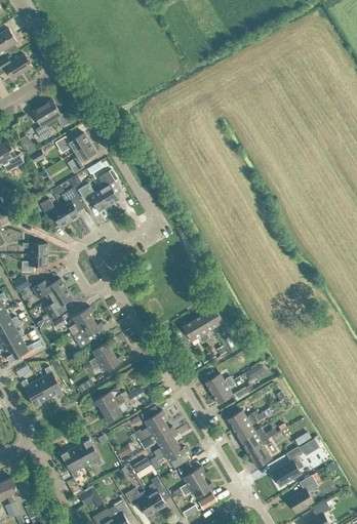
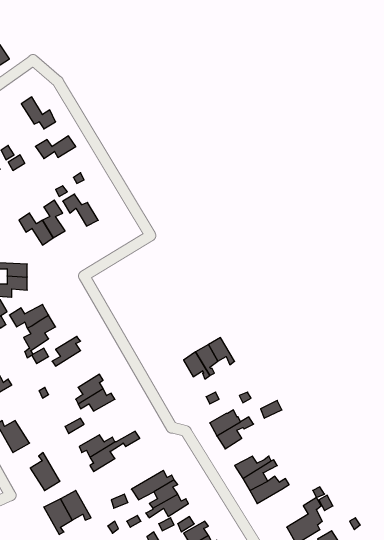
building: [32,106,53,139] -> none
building: [67,143,95,174] -> none
building: [98,170,121,206] -> none
building: [72,319,104,348] -> none
building: [37,366,63,399] -> [30,453,60,491]
building: [134,407,165,439] -> none
building: [246,439,272,468] -> none

